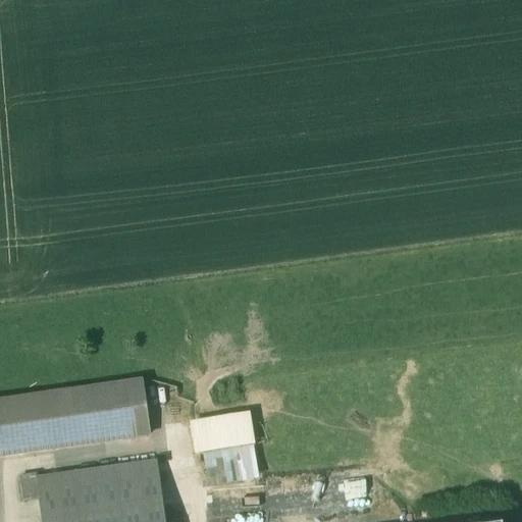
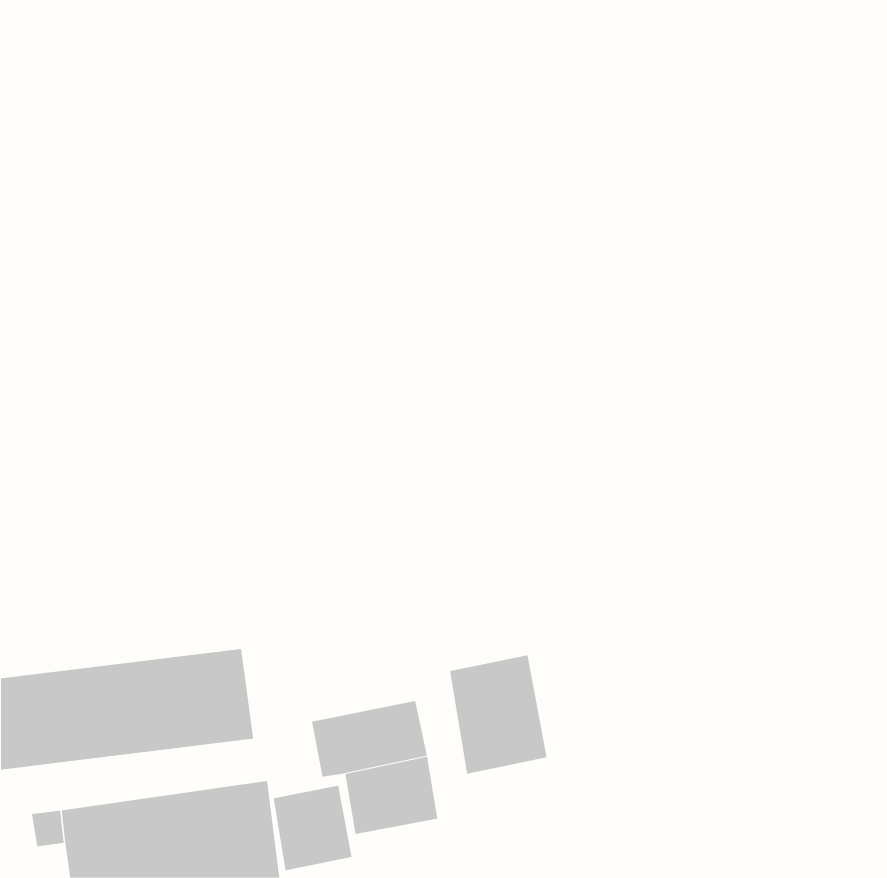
building: none -> [450,655,547,775]
building: none -> [273,785,352,871]

